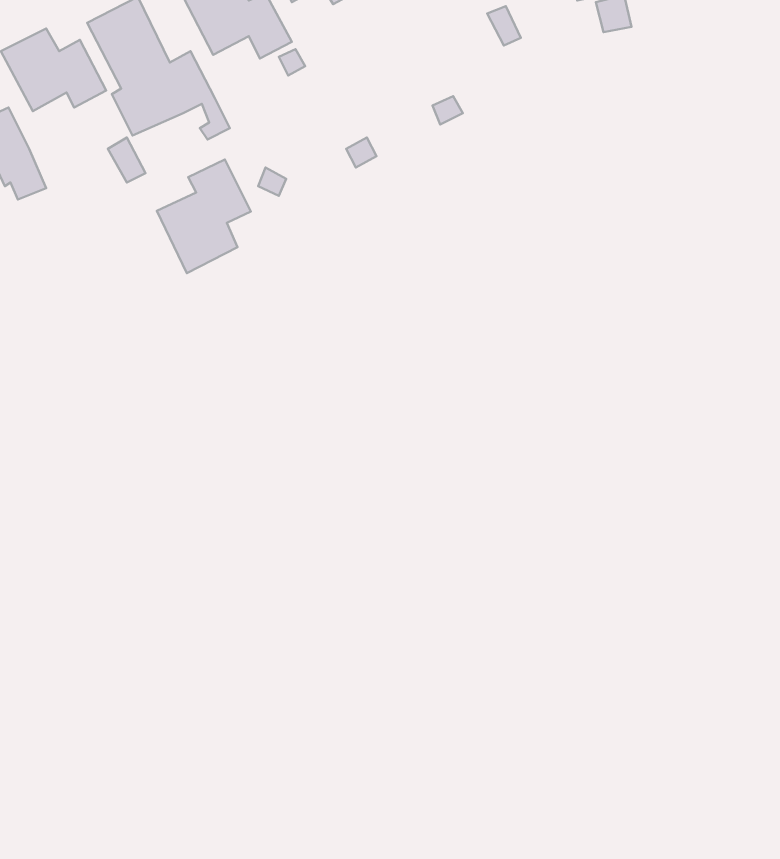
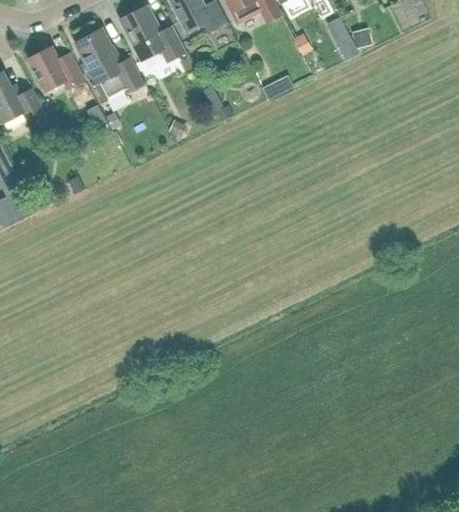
building: [157,159,251,273] -> none

